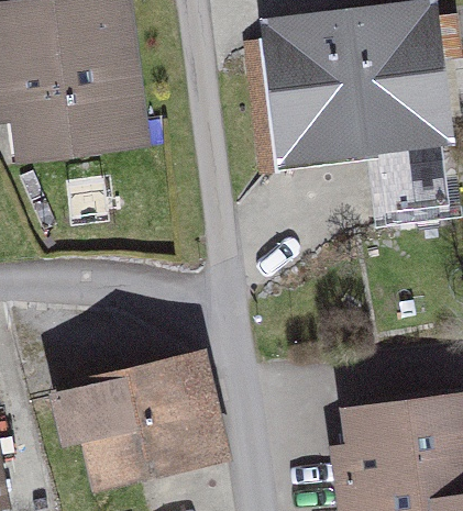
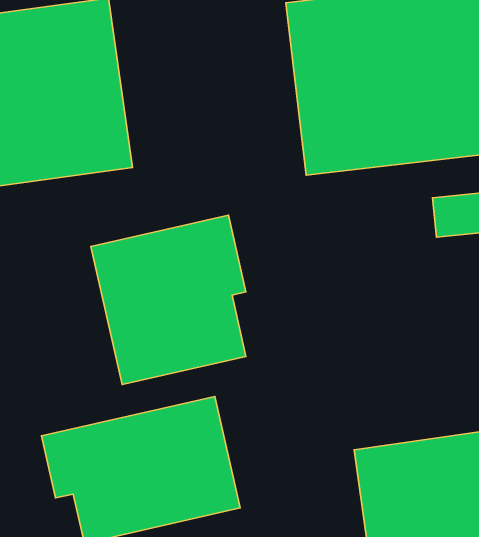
building: none -> [91,215,246,385]

